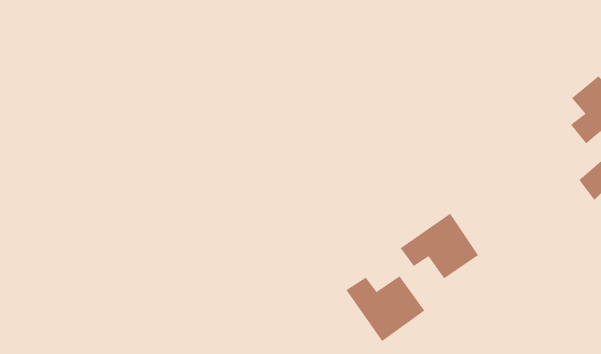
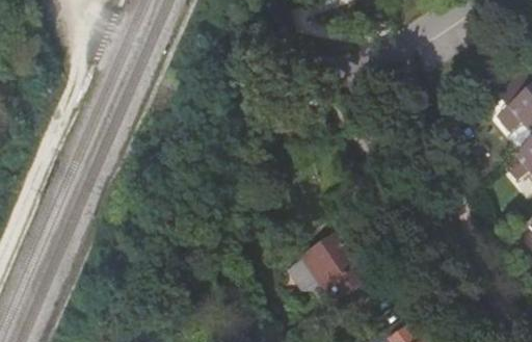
building: [400,213,479,279] -> none

